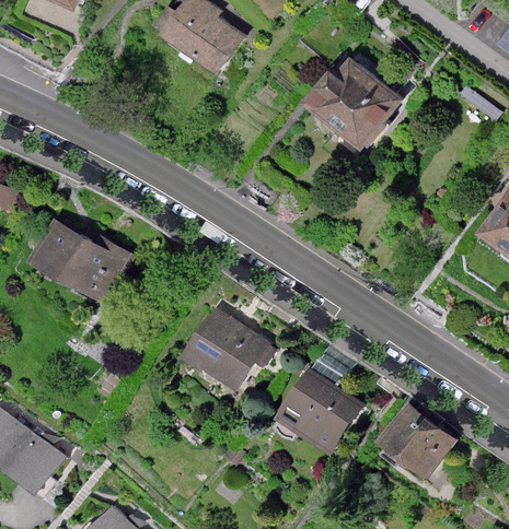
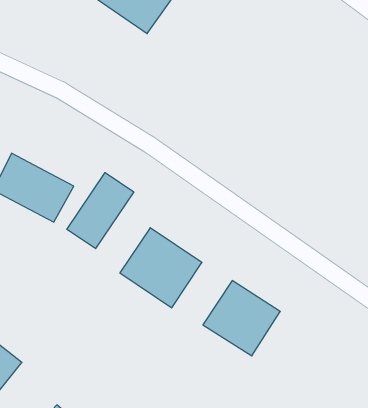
building: [308,51,406,149] -> none
building: none -> [67,173,134,249]
building: [382,405,458,475] -> none

